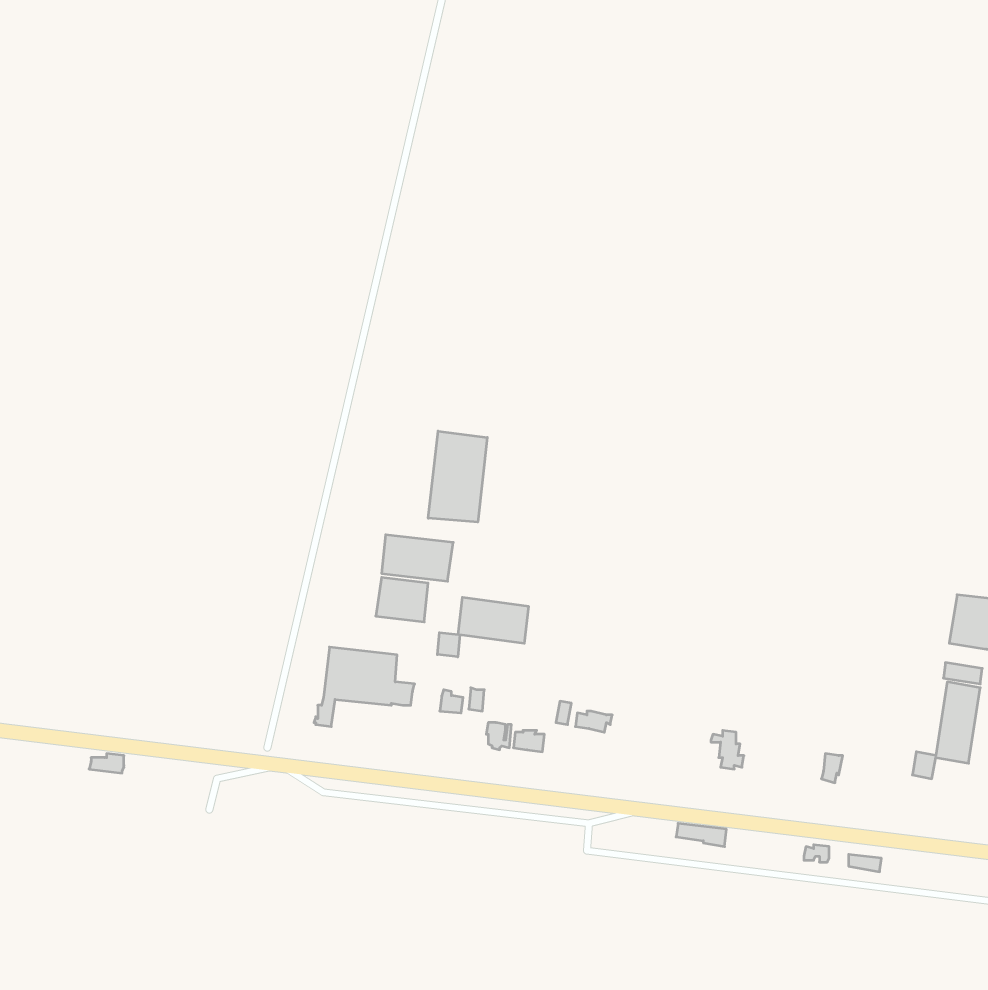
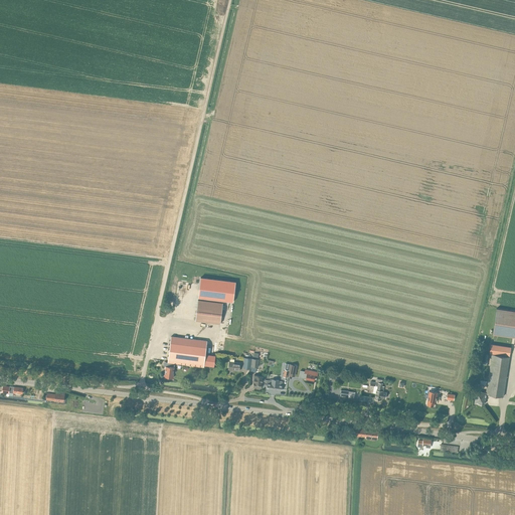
building: [428,431,487,522] -> none
building: [437,597,528,657] -> none

